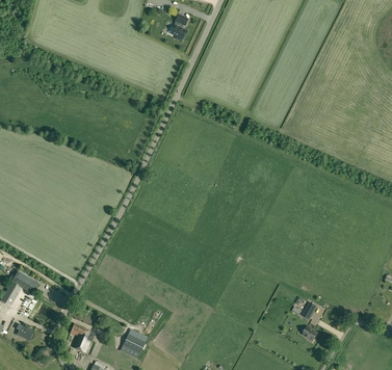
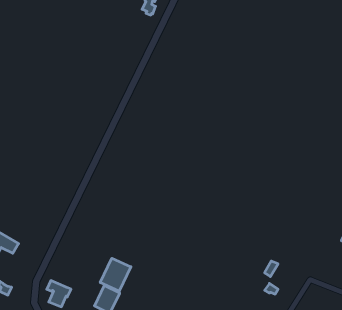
building: none -> [100,258,131,291]

